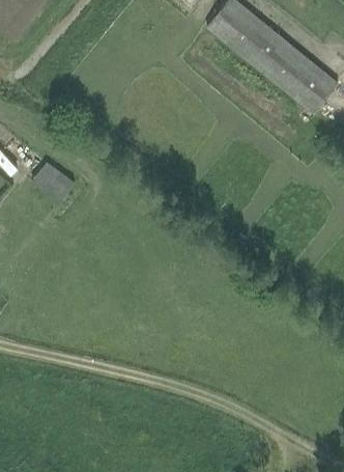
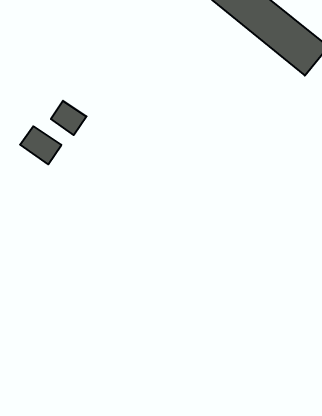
building: none -> [51,101,87,135]

